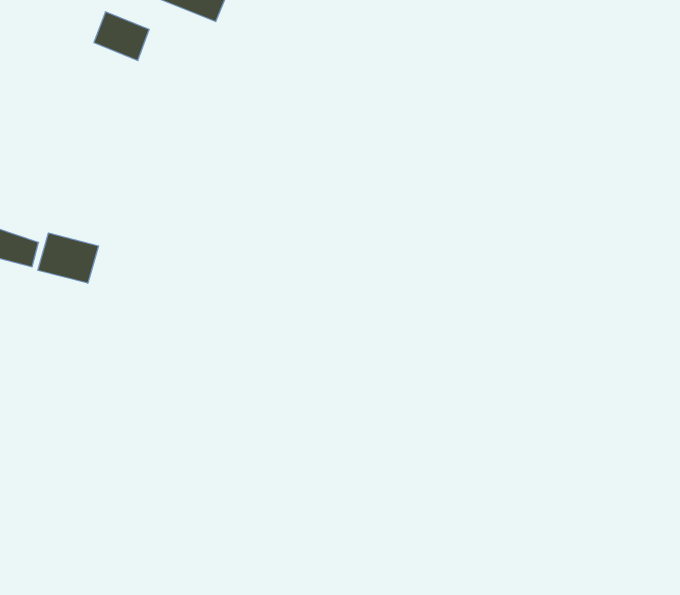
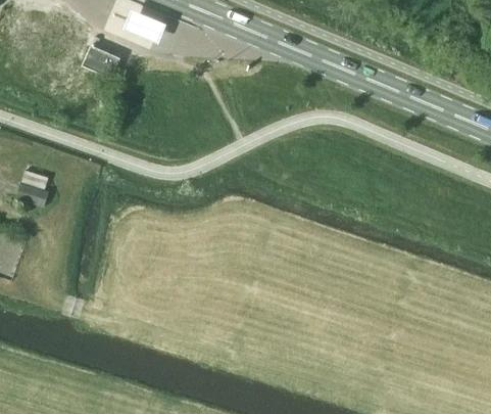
building: [38,233,99,283] -> none

